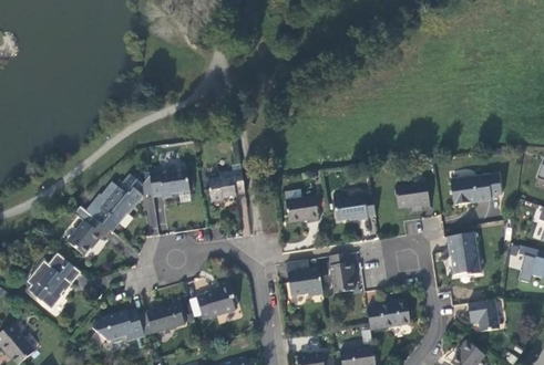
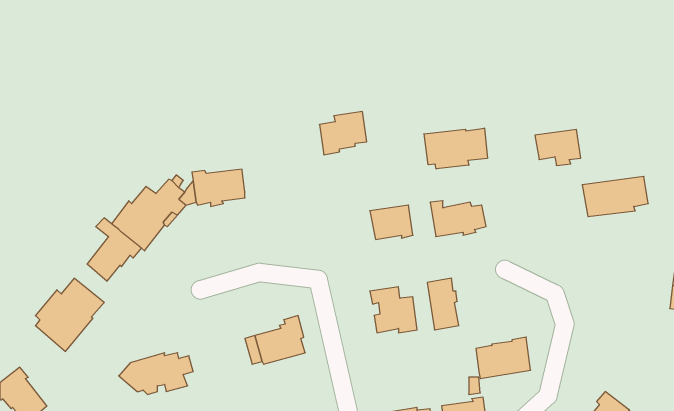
building: none -> [424,128,487,169]
building: [208,169,245,202] -> [319,112,367,155]
building: [394,184,430,211] -> [535,129,581,165]
building: [448,233,482,274] -> none
building: [146,298,186,334] -> none
building: [470,299,499,331] -> none

